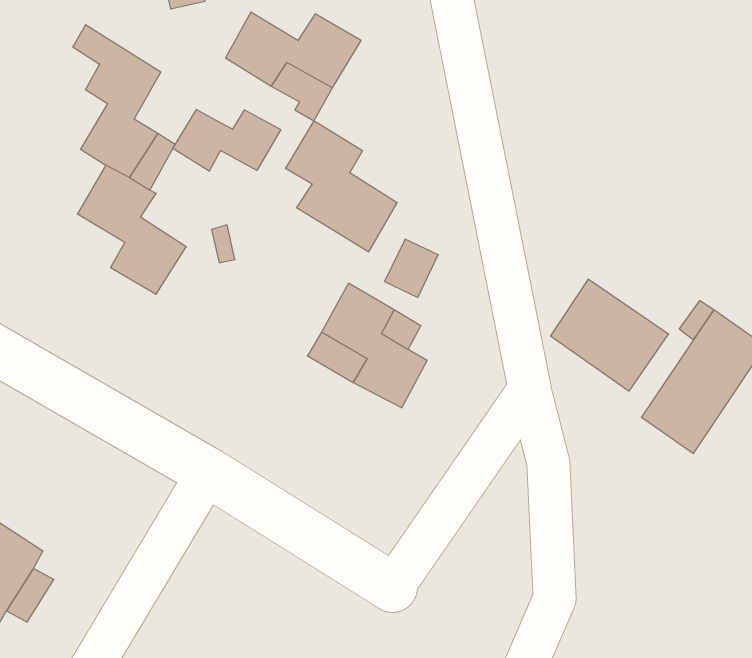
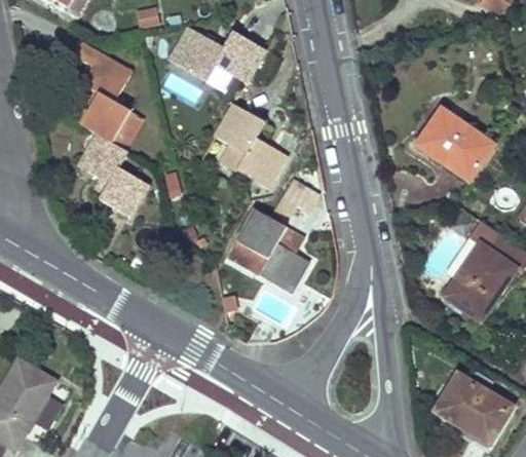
building: [173,109,281,171] -> none
building: [550,279,669,391] -> [417,109,494,182]
building: none -> [433,367,509,443]

